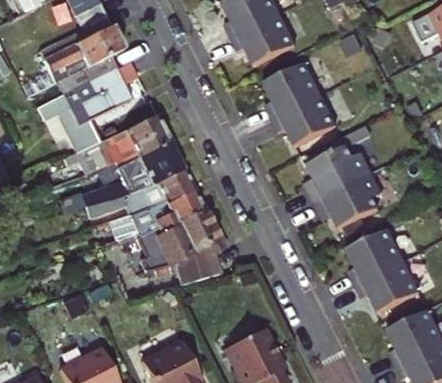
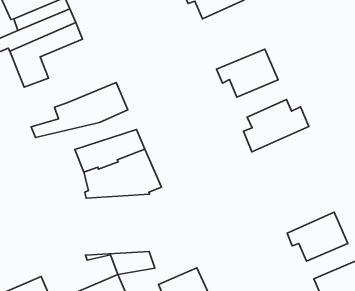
building: [263,64,321,119] -> none
building: [63,112,168,172] -> none
building: [65,167,192,223] -> none
building: [314,173,383,230] -> none
building: [346,230,404,286] -> none
building: [144,254,217,280] -> [86,252,155,274]

